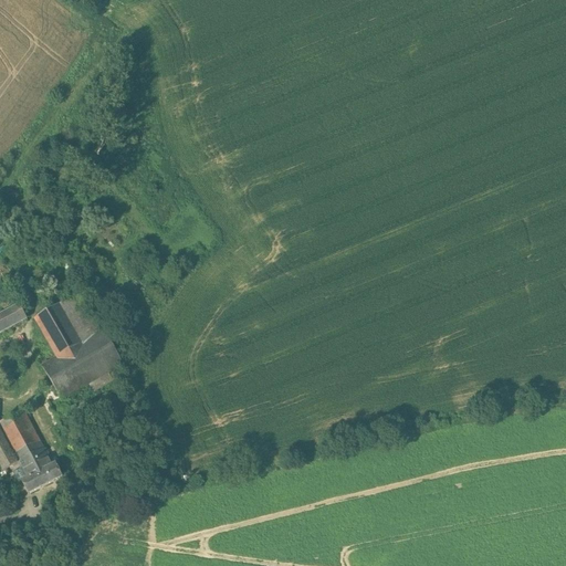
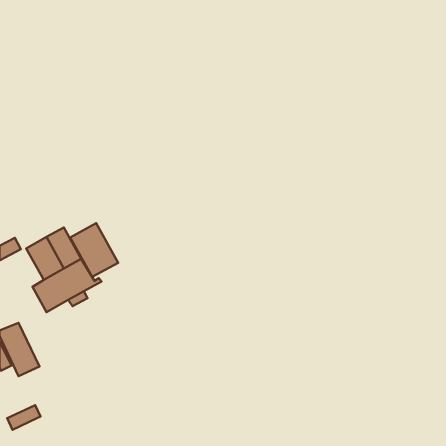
building: none -> [70,223,118,277]
building: [19,462,61,493] -> [7,405,40,430]

